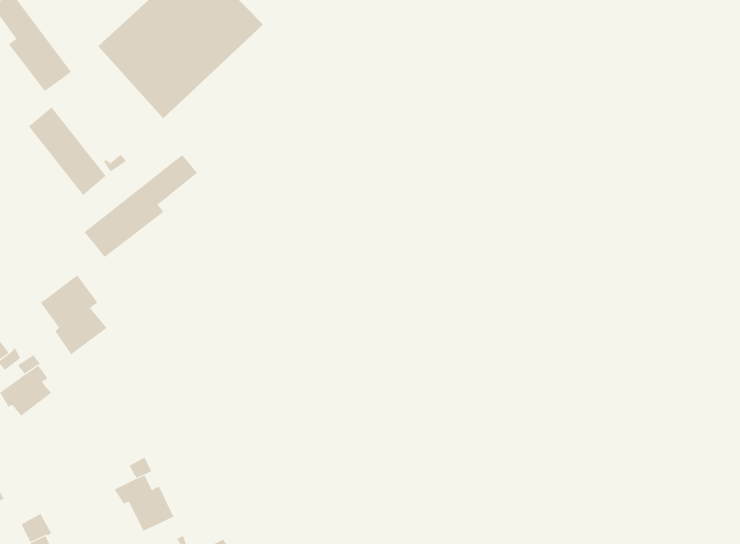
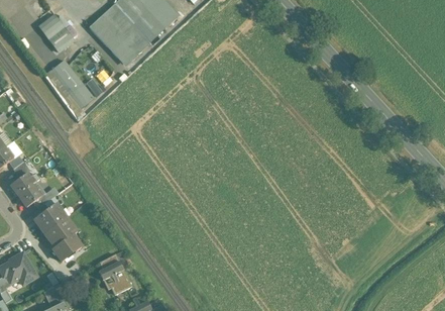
building: [84,154,198,258] -> none
building: [40,275,107,355] -> [44,217,82,262]

